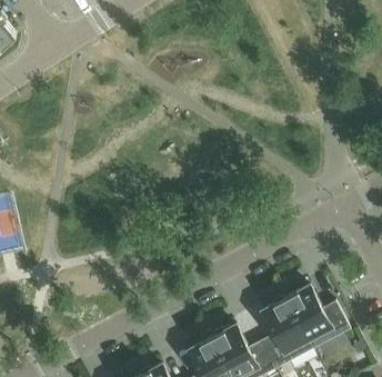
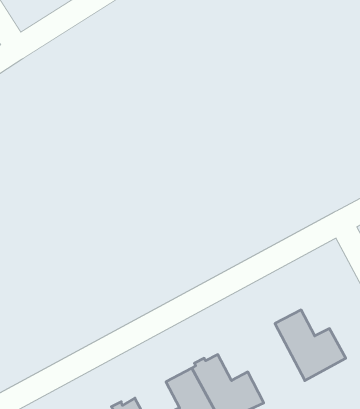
building: [260,298,311,369] -> none

